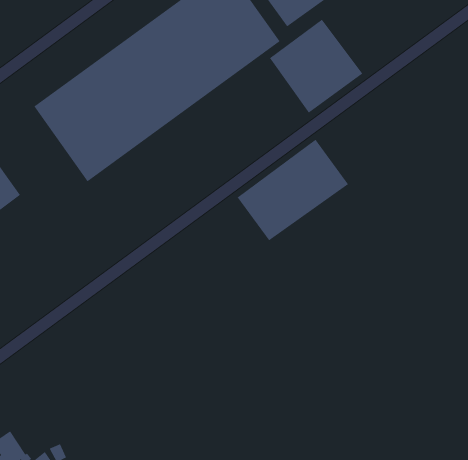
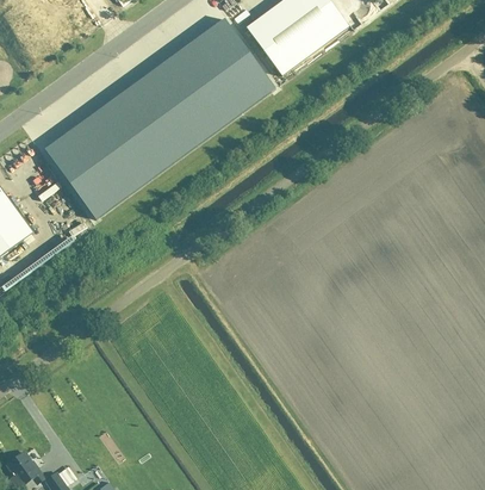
building: [269,19,363,114] -> none
building: [237,139,349,241] -> none

